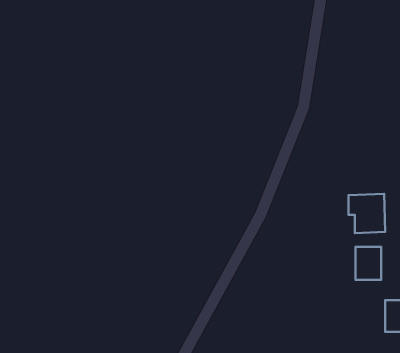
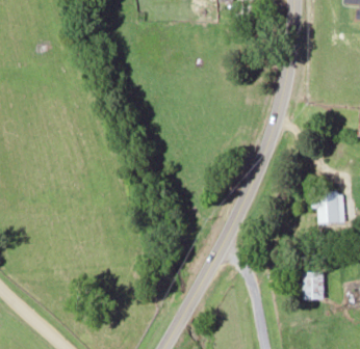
building: [356,247,381,280] -> [302,272,324,300]

